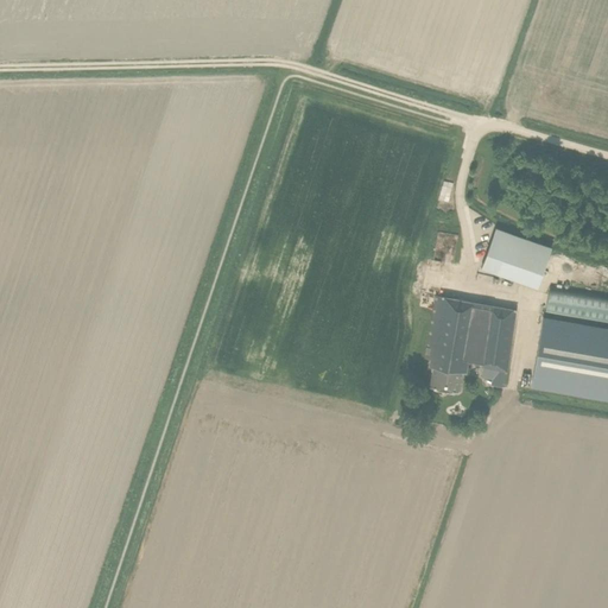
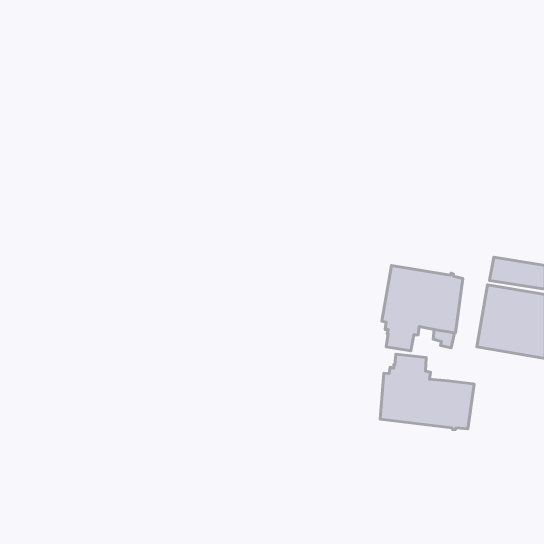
building: [481,229,552,289] -> none
building: none -> [380,354,474,430]

